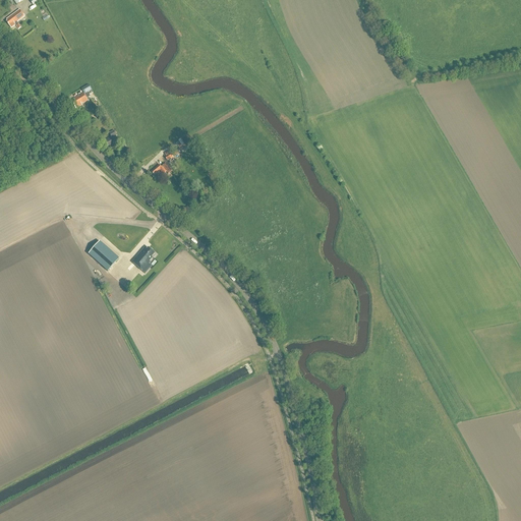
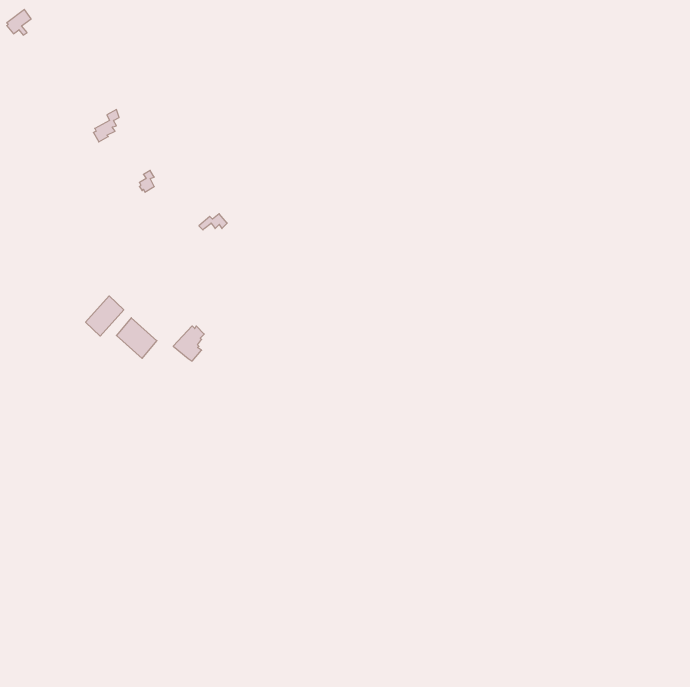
building: none -> [86,296,124,336]

